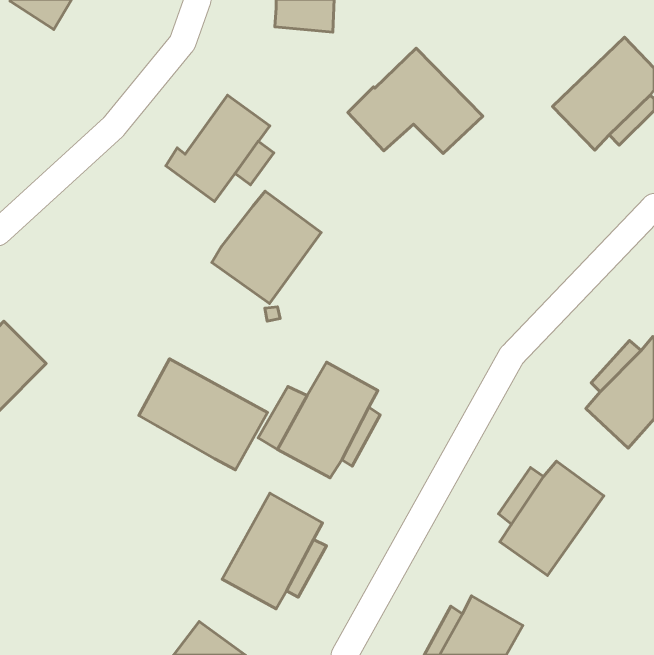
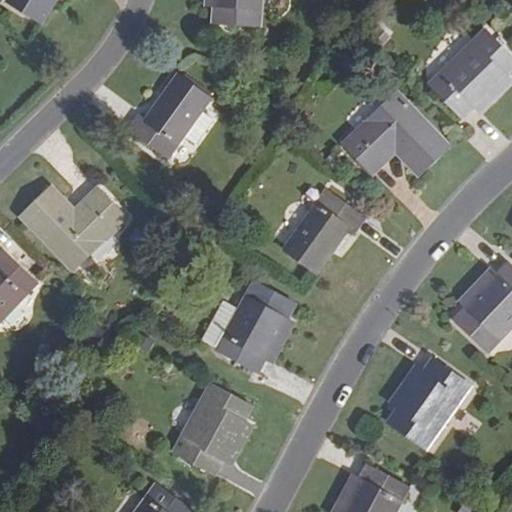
building: [348,48,483,154] -> [344,92,449,174]
building: [212,191,321,304] -> none
building: none -> [21,186,126,269]
building: none -> [284,190,365,272]
building: [139,359,267,470] -> none

